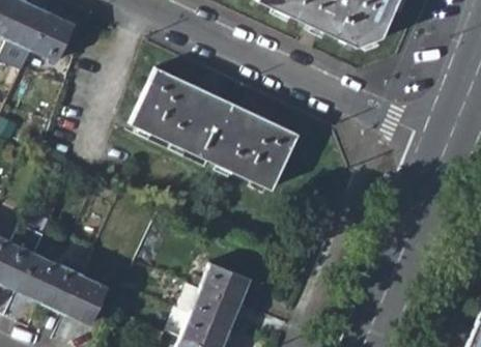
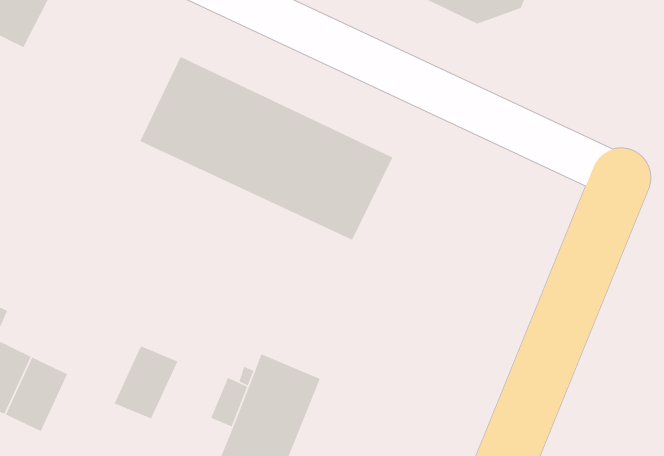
building: [69,278,112,326] -> [114,345,178,420]

